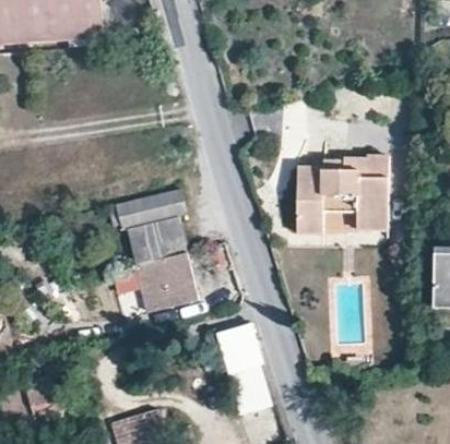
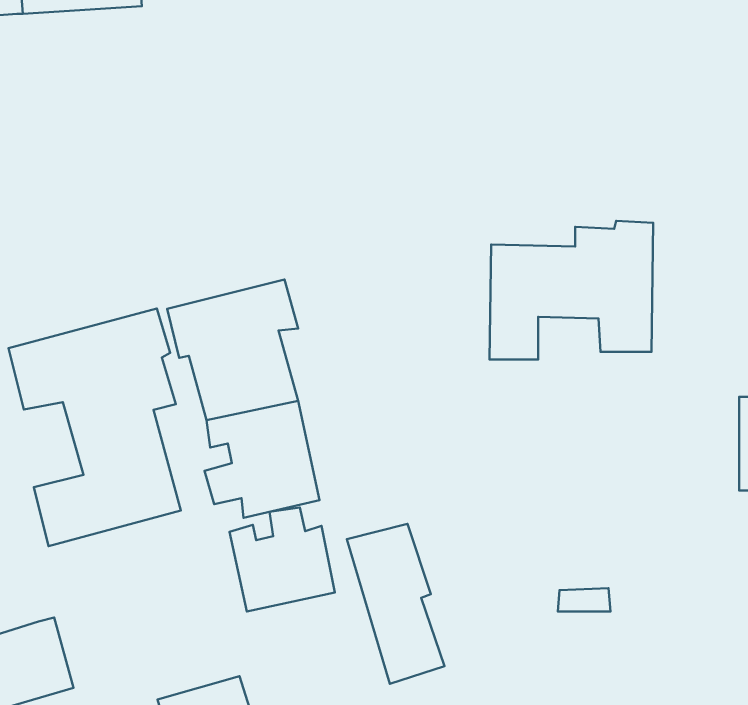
building: none -> [9,309,181,546]
building: none -> [229,508,335,612]

